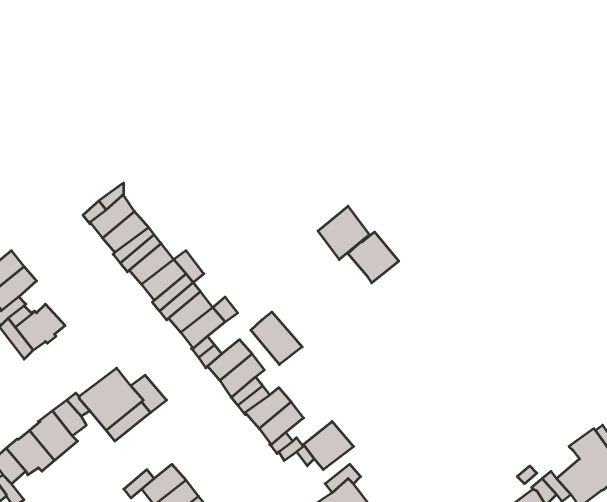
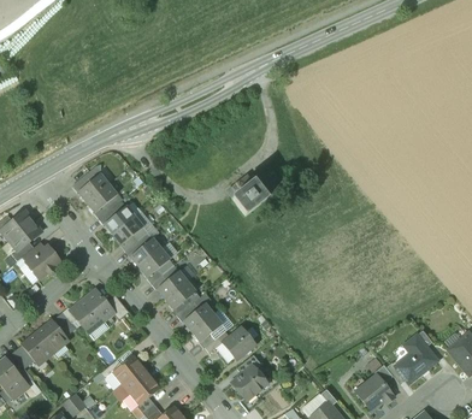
building: [348,232,399,283] -> none
building: [251,312,302,365] -> none

